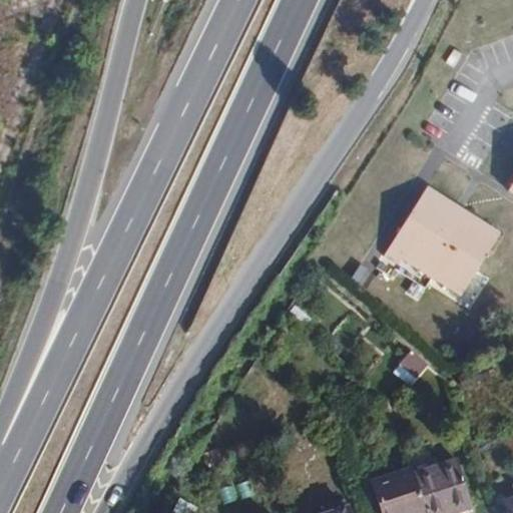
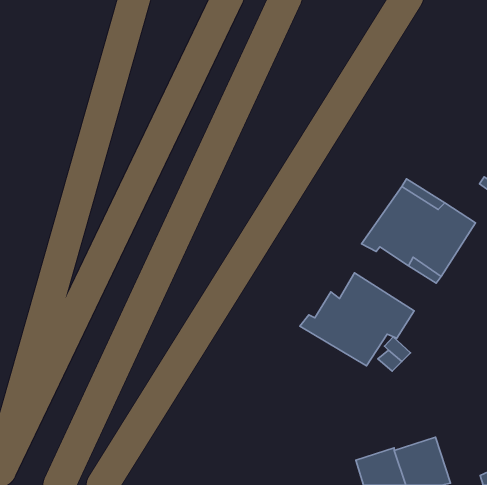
building: none -> [300,273,414,366]

